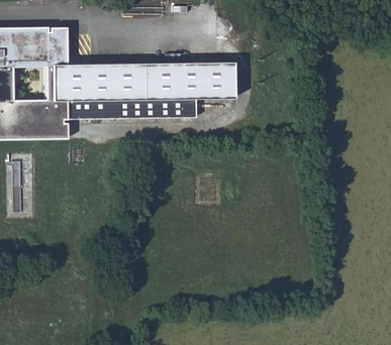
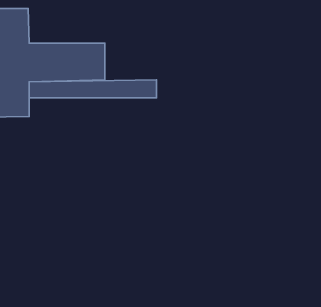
building: [142,63,233,100] -> none

